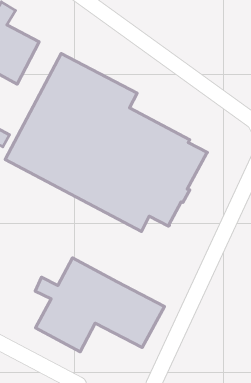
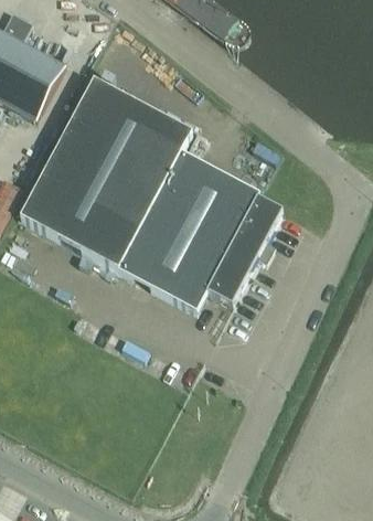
building: [35,258,164,352] -> none

